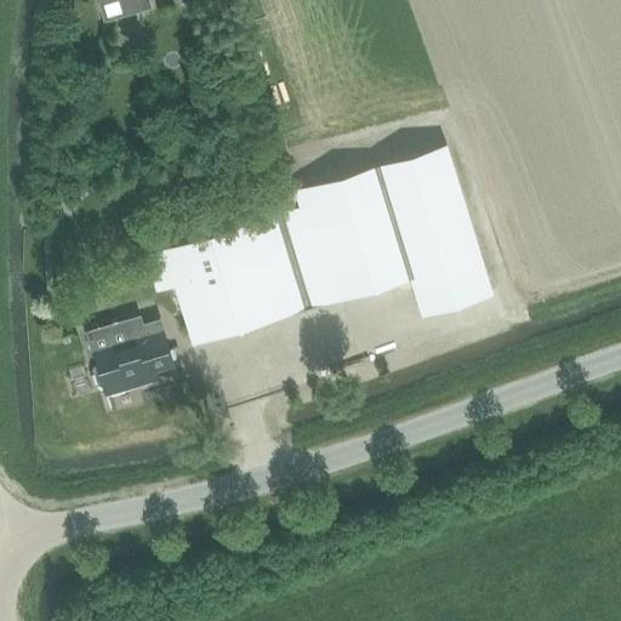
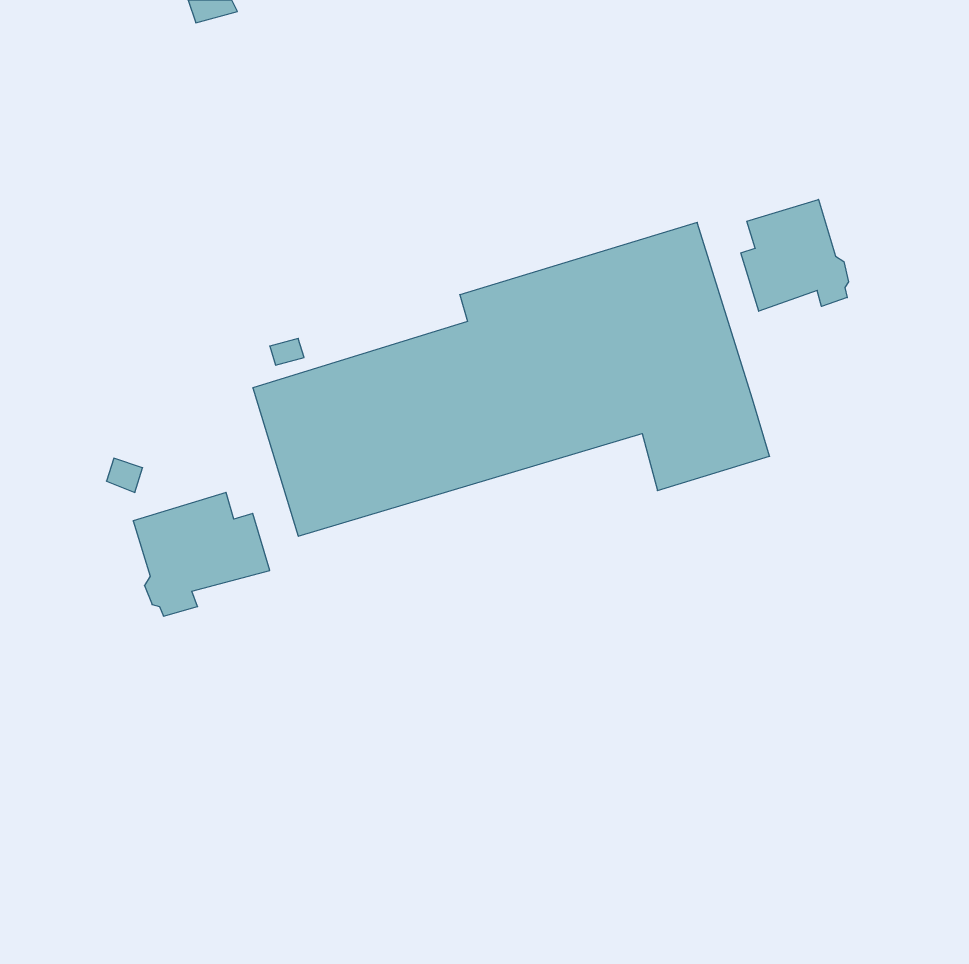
building: none -> [741,199,849,311]

